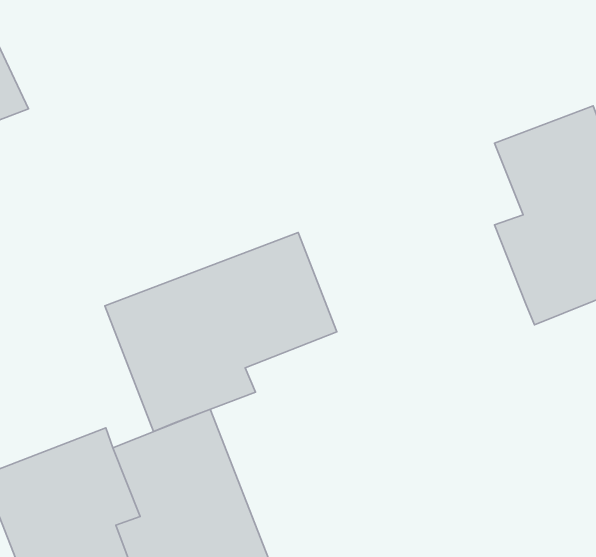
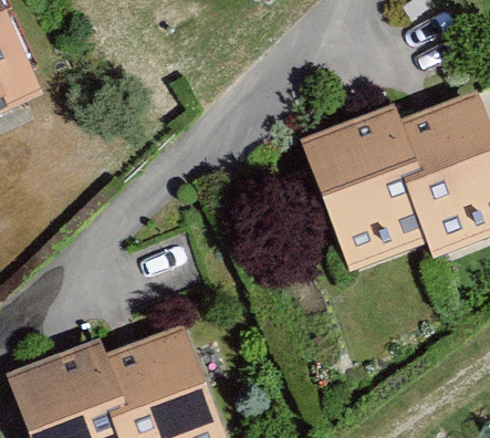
building: none -> [300,101,425,270]
building: [105,232,337,431] -> none

